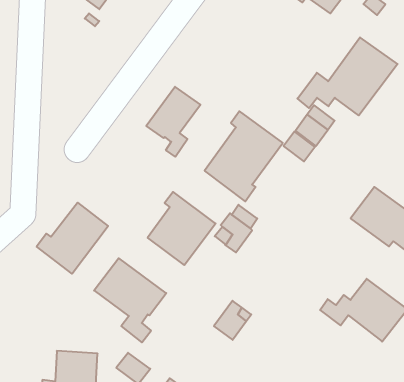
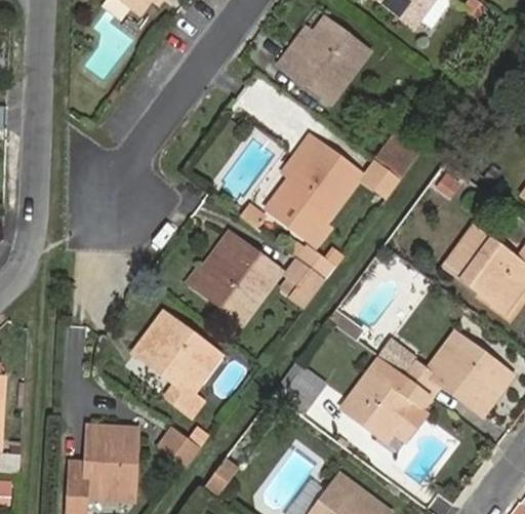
building: none -> [279,17,368,101]
building: [297,37,398,115] -> none
building: [146,87,200,157] -> none
building: [37,203,108,274] -> none
building: none -> [341,356,432,441]

